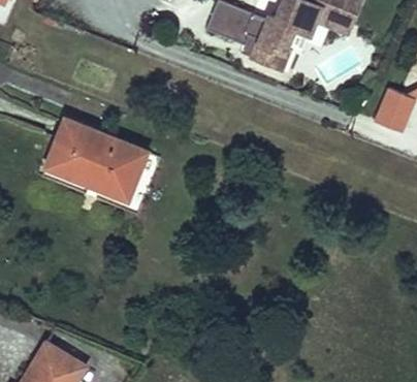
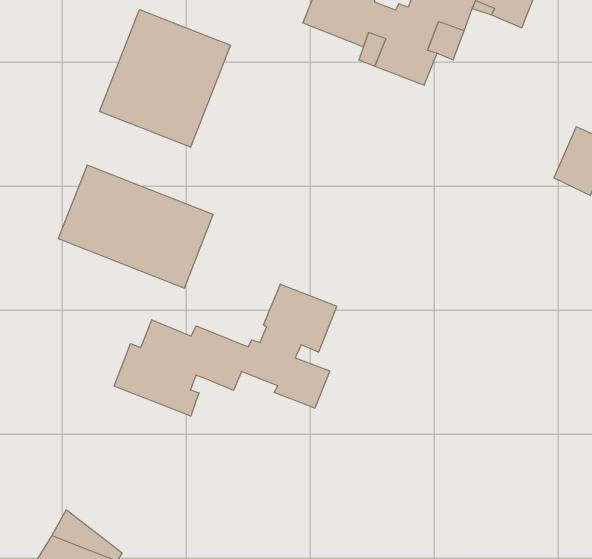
building: none -> [100,10,231,147]
building: none -> [114,284,337,416]

